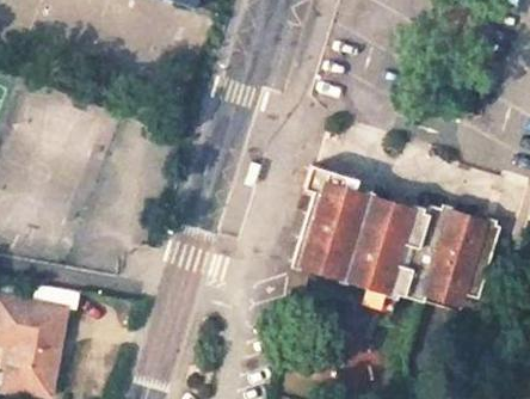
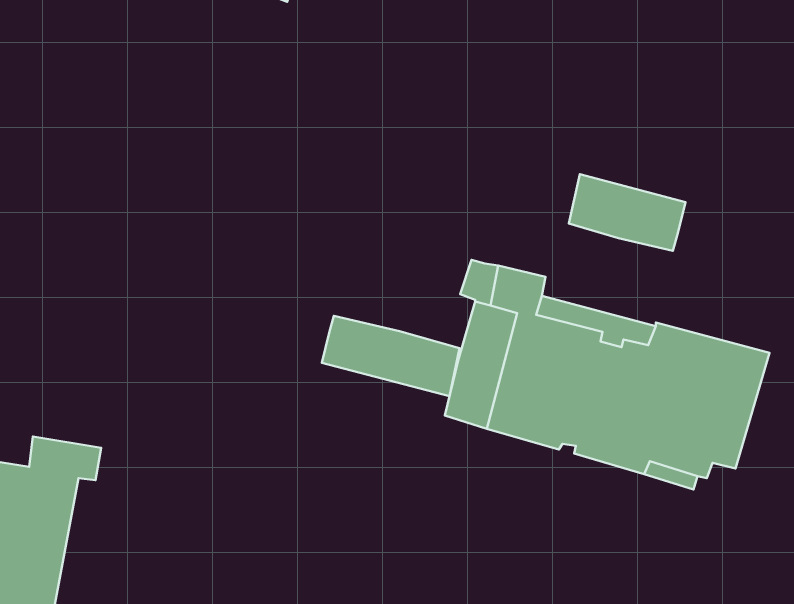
building: none -> [569,174,685,251]
building: none -> [322,316,460,396]

